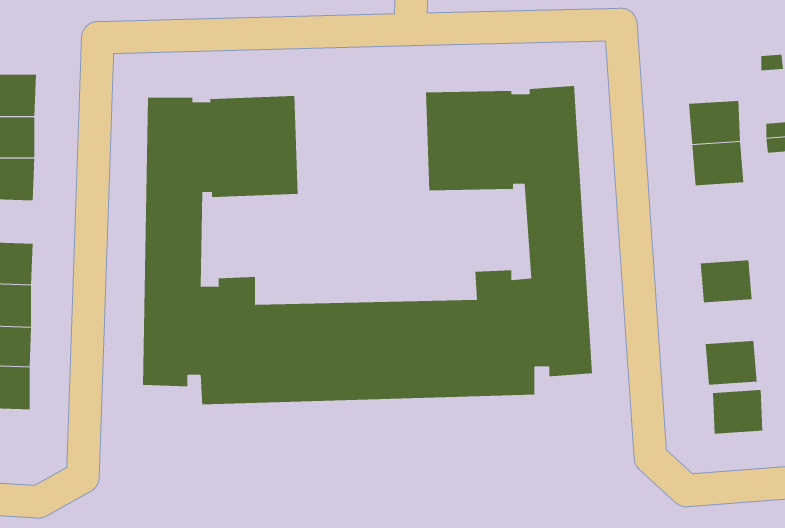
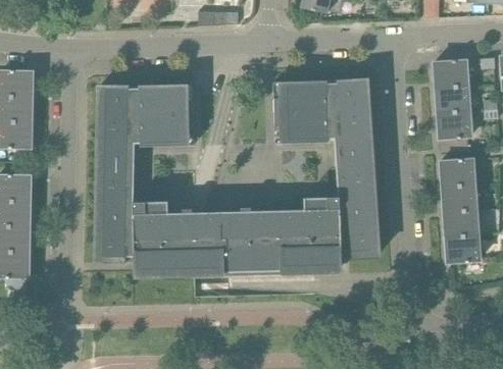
building: none -> [435,59,467,89]
building: none -> [441,158,473,188]
building: [712,390,763,434] -> [445,210,476,238]

